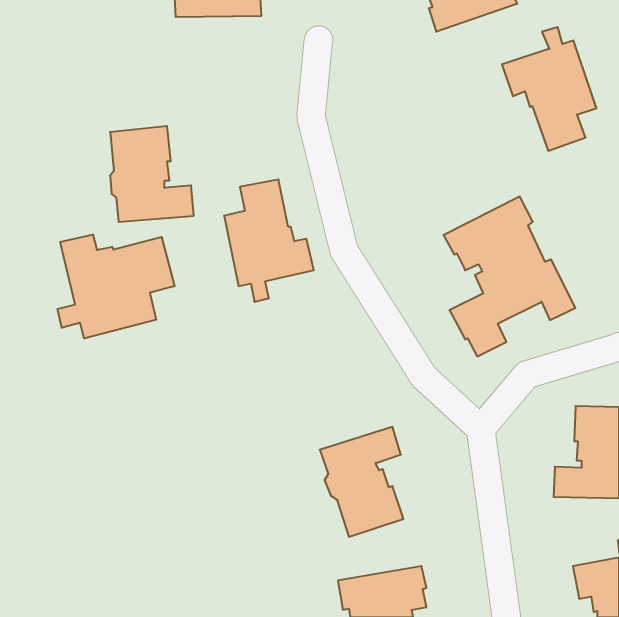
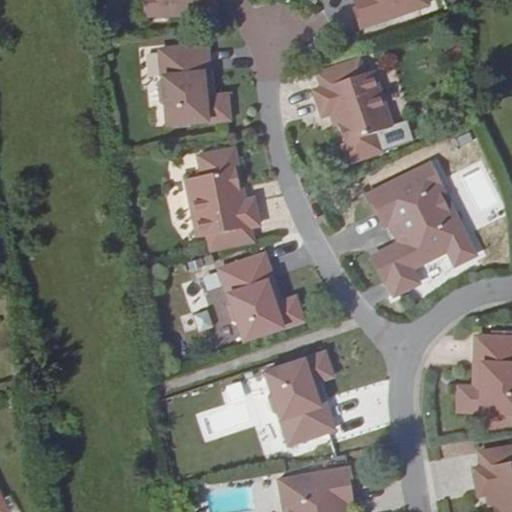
building: [502,27,596,151] -> [313,58,391,160]
building: [110,126,194,222] -> [159,44,228,123]
building: [58,234,175,338] -> none
building: none -> [219,253,302,340]

